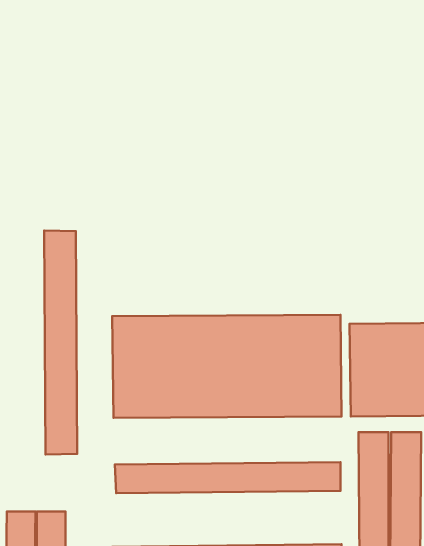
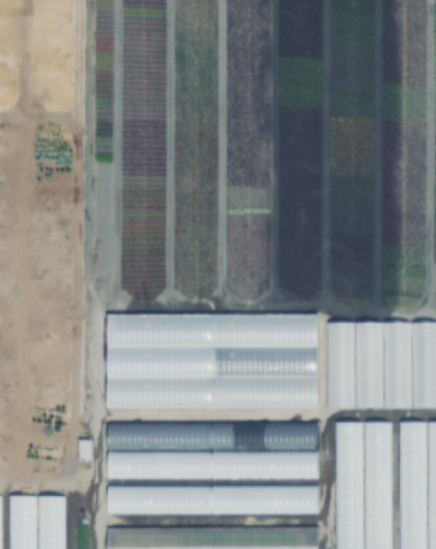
building: [44,231,77,454] -> none
building: none -> [109,423,318,449]
building: none -> [109,487,319,514]

